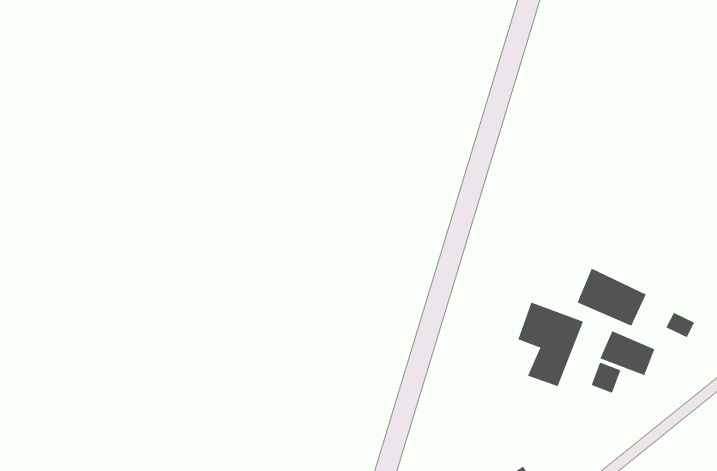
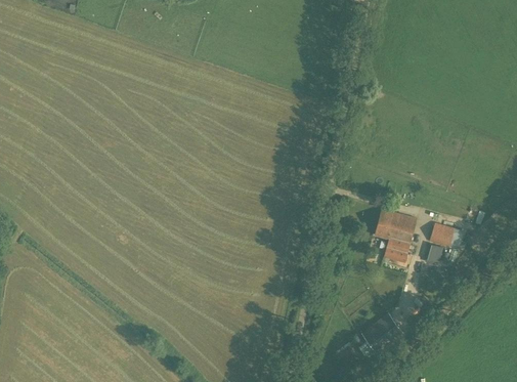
building: [577,268,646,326] -> none

